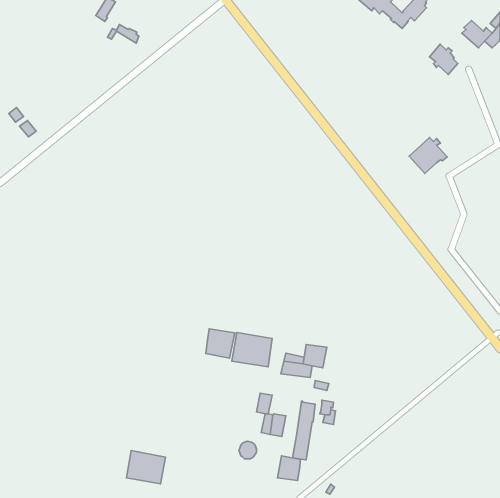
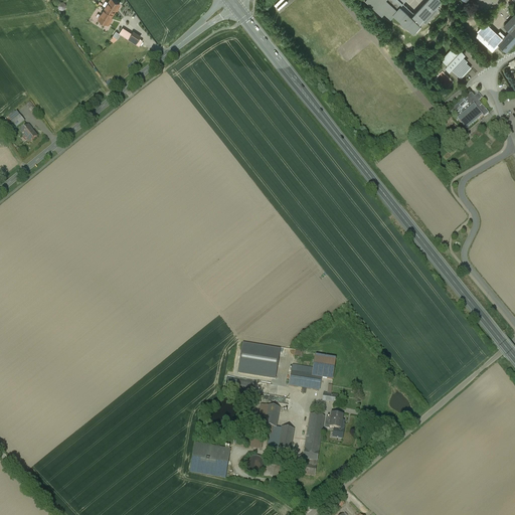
building: [409,137,447,174] -> [450,91,489,128]
building: [206,329,235,358] -> none
building: [126,450,166,484] -> [190,442,230,476]
building: [277,456,301,481] -> none

